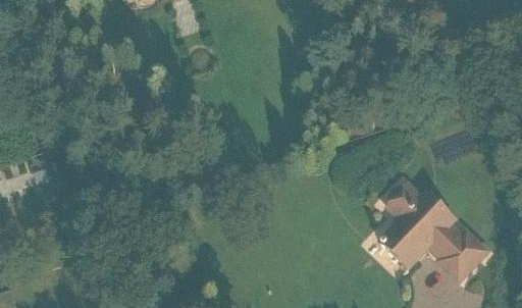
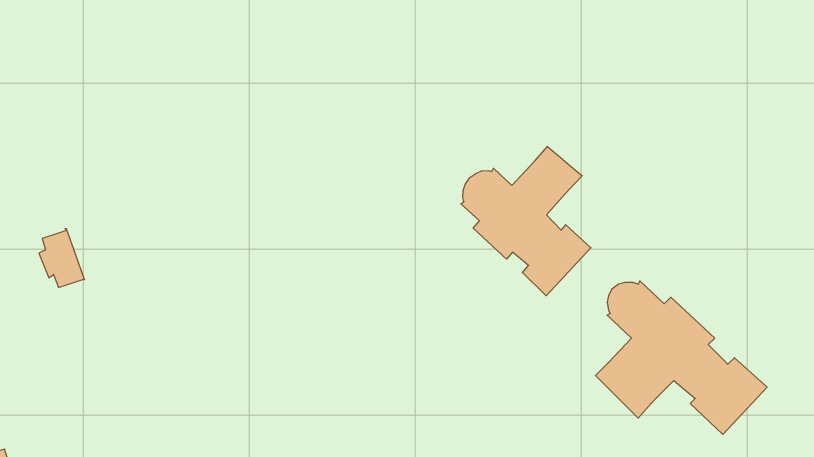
building: none -> [461,146,591,296]

